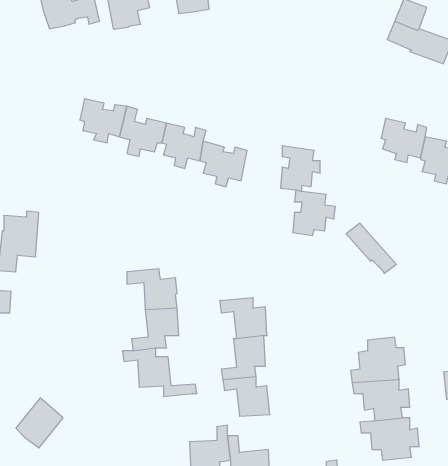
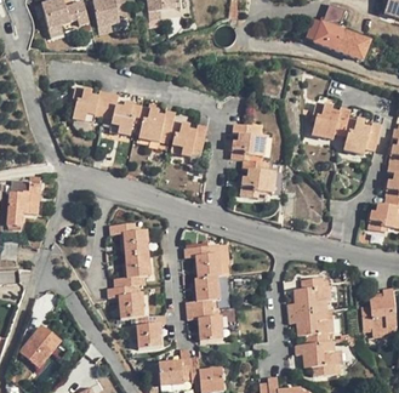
building: none -> [136,321,163,347]

